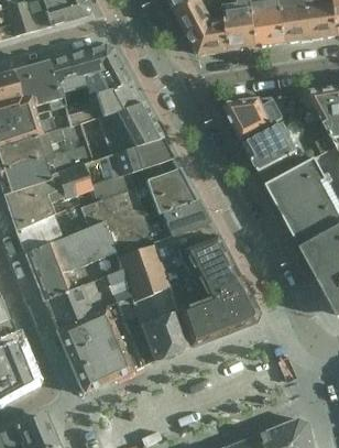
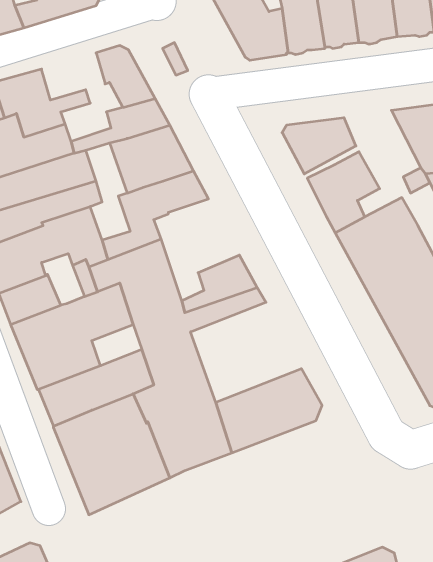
building: [46,48,94,84] -> none
building: [145,167,194,214] -> none
building: [157,234,240,309] -> none

